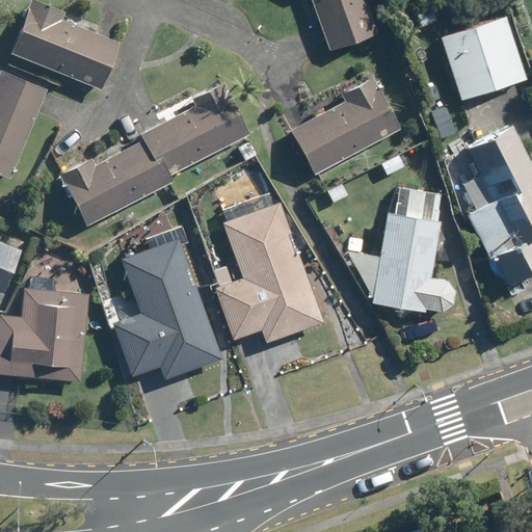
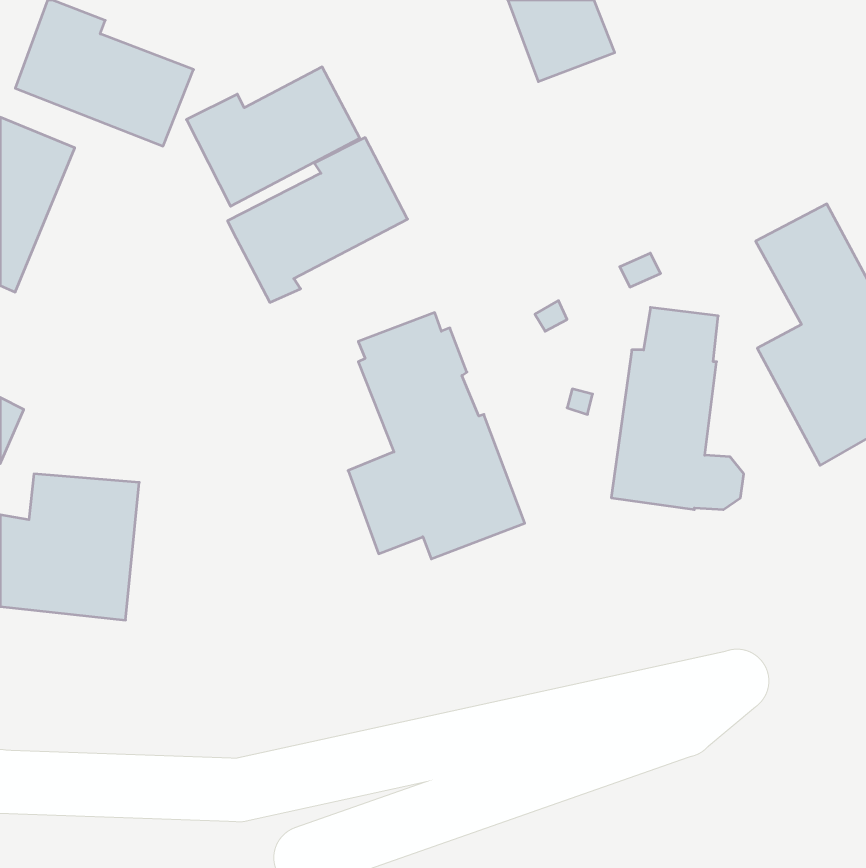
building: [438,15,522,98] -> none
building: [293,78,400,174] -> none
building: [60,141,166,227] -> [186,67,360,206]
building: [111,227,221,379] -> none

